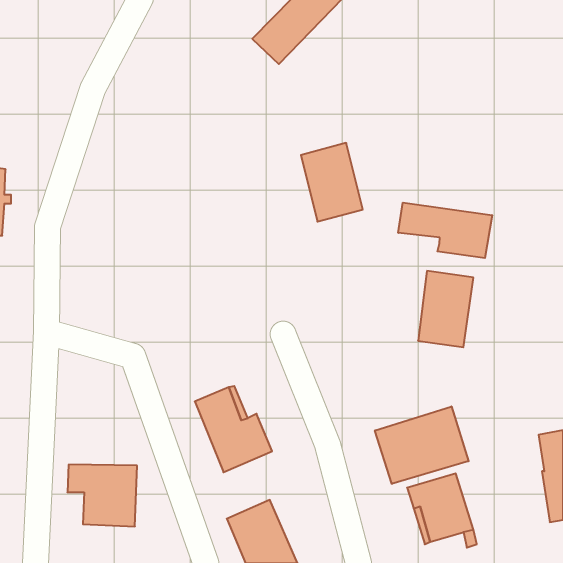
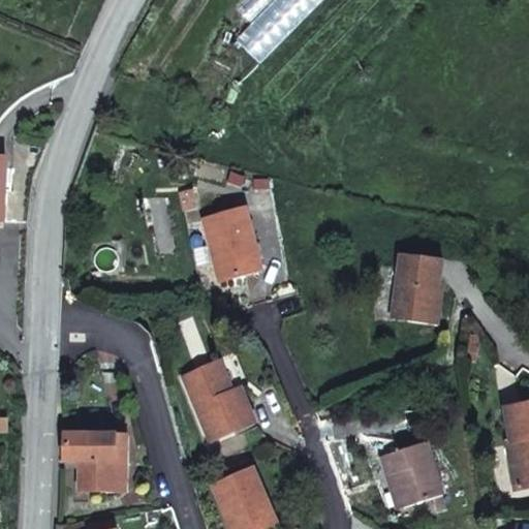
building: [301,143,363,222] -> [203,207,260,280]
building: [398,203,492,258] -> none
building: [375,406,469,484] -> none

